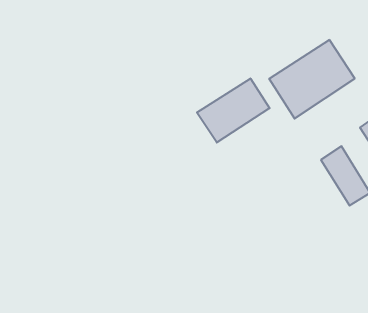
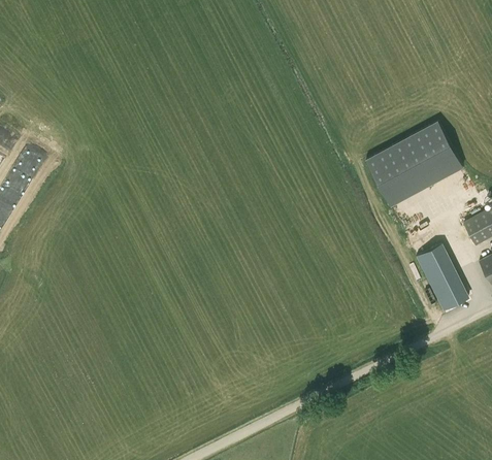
building: [197,78,270,143] -> none

